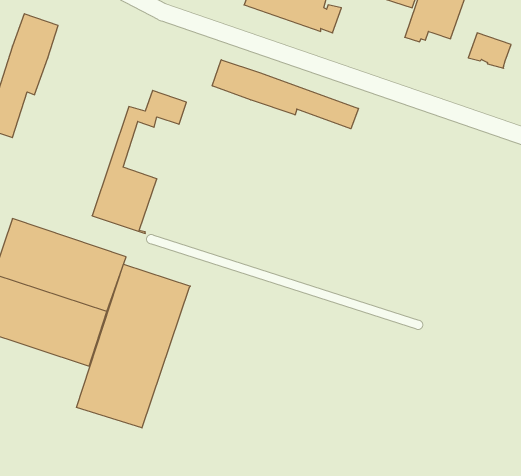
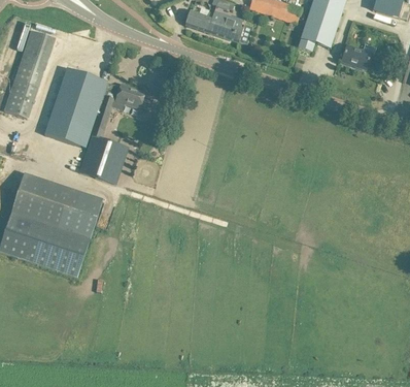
building: [212,60,358,129] -> none
building: none -> [44,67,108,148]
building: [76,264,190,428] -> none

